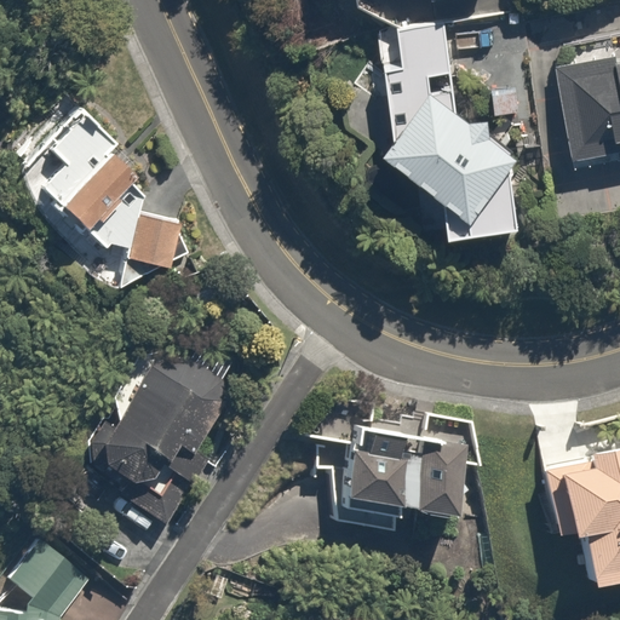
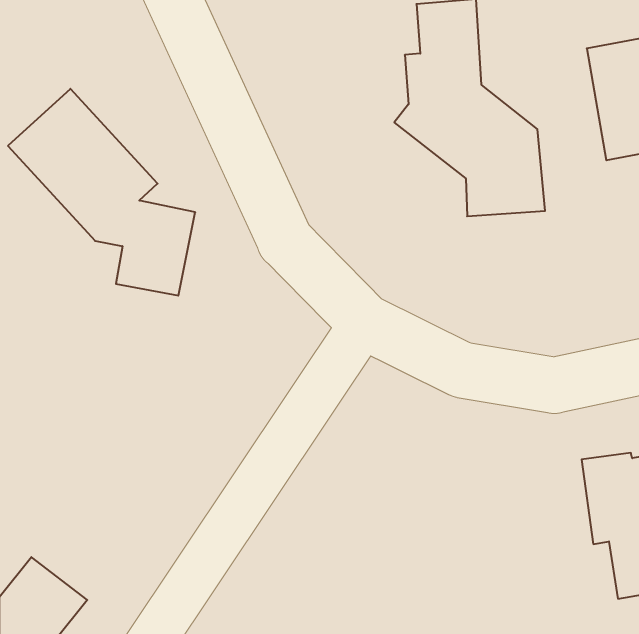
building: [74,346,230,532] -> none
building: [334,420,481,532] -> none

